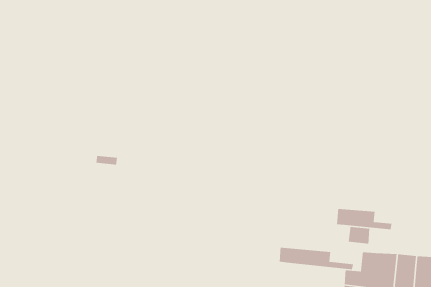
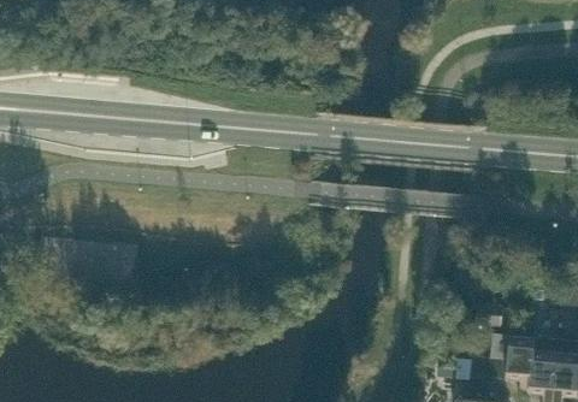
building: [336,208,392,230] -> none
building: [279,247,354,270] -> none

